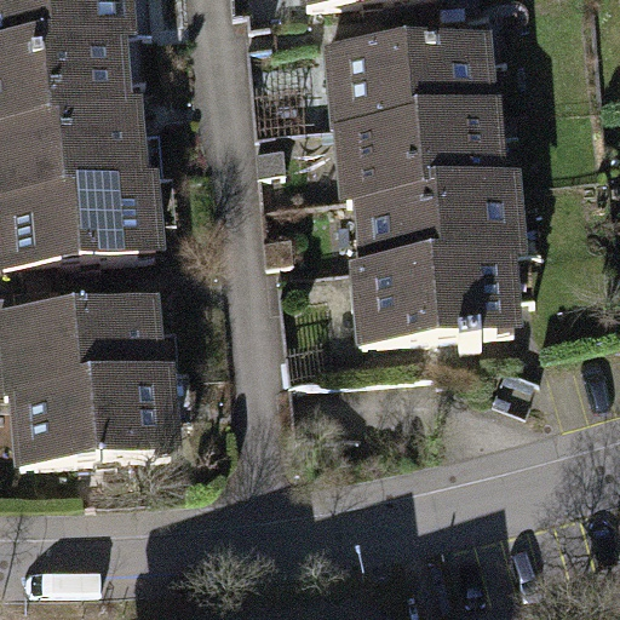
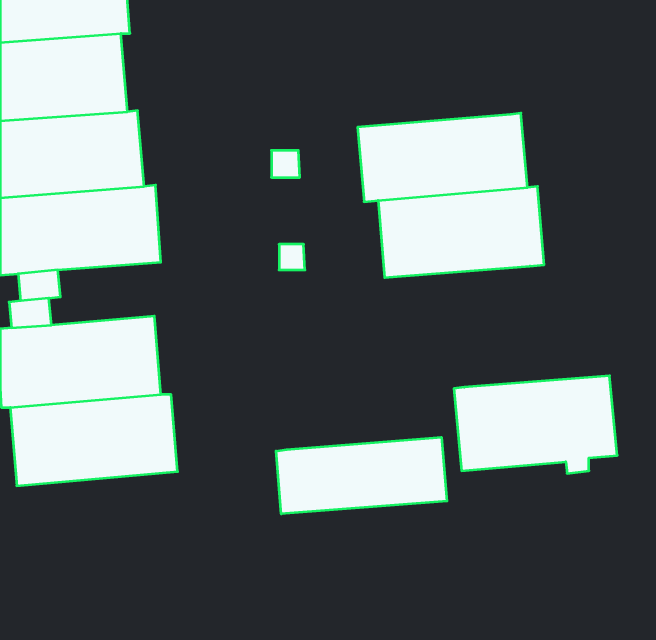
building: [325,35,482,120] -> none
building: [354,251,507,343] -> [454,376,617,473]
building: none -> [276,437,447,514]

